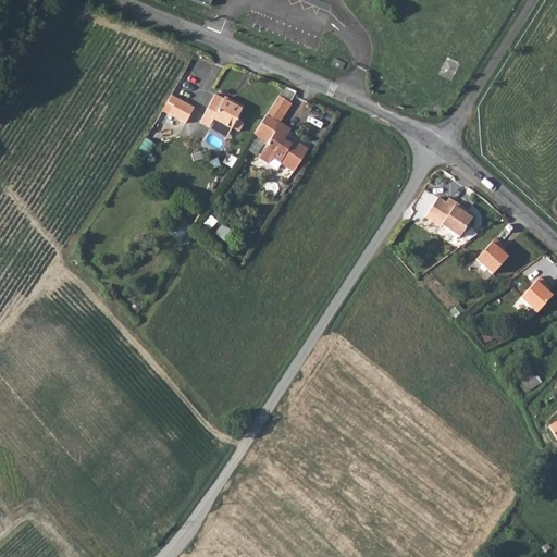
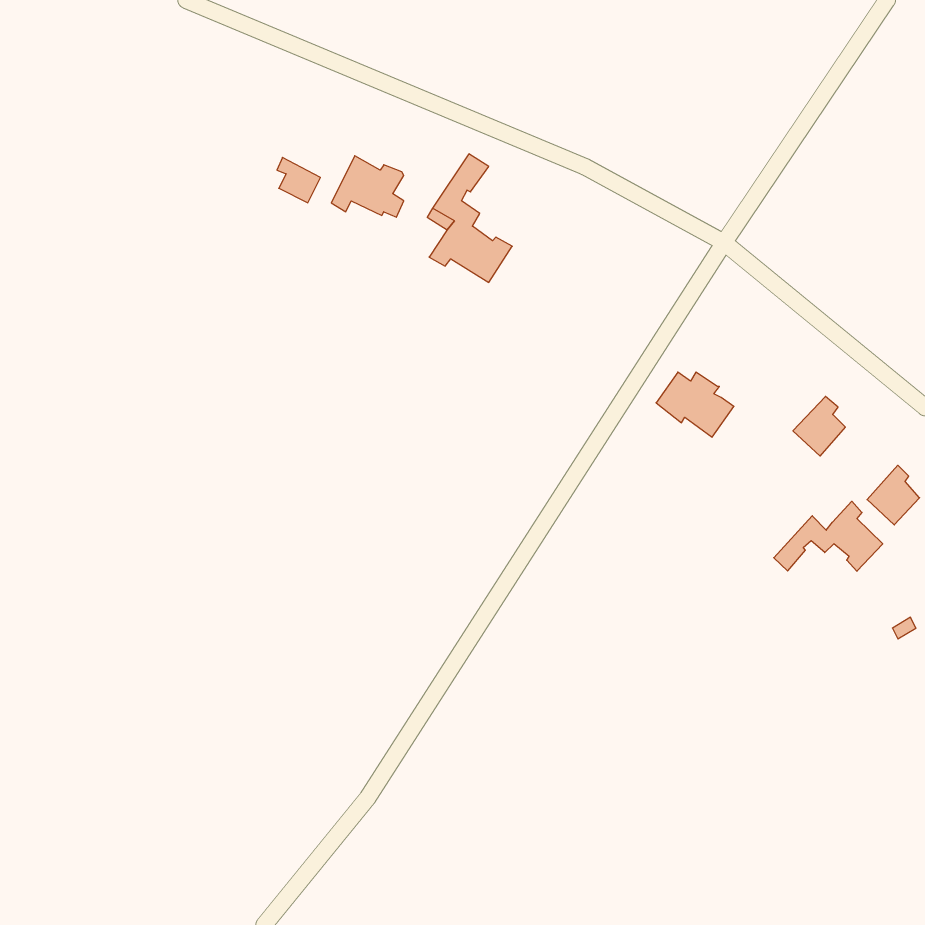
building: [425,197,472,236] -> [656,372,734,437]
building: none -> [774,501,883,571]

